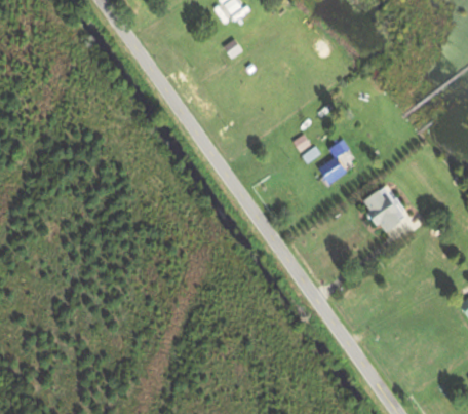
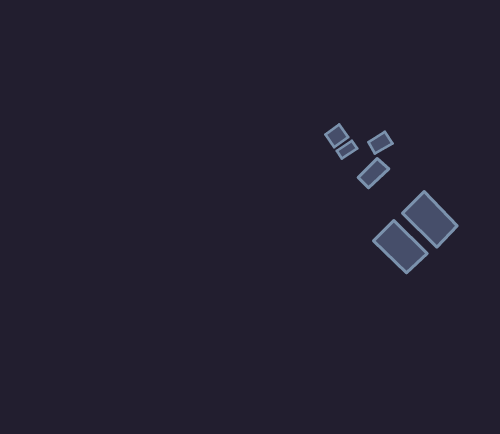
building: none -> [373,220,427,273]

